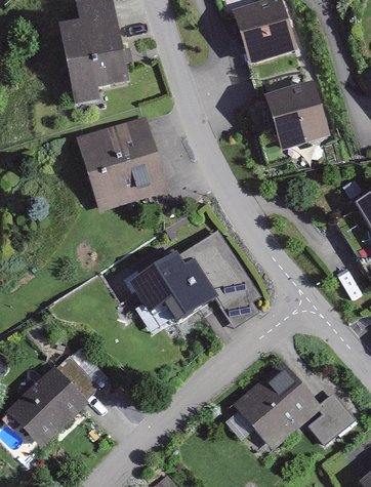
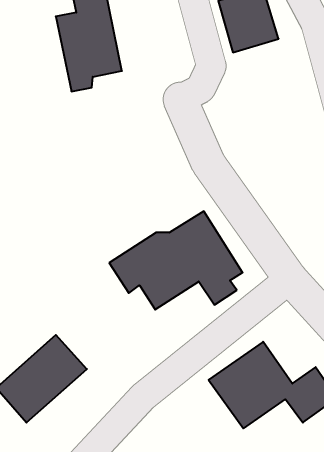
building: [256,82,334,152] -> none
building: [72,113,171,204] -> none

